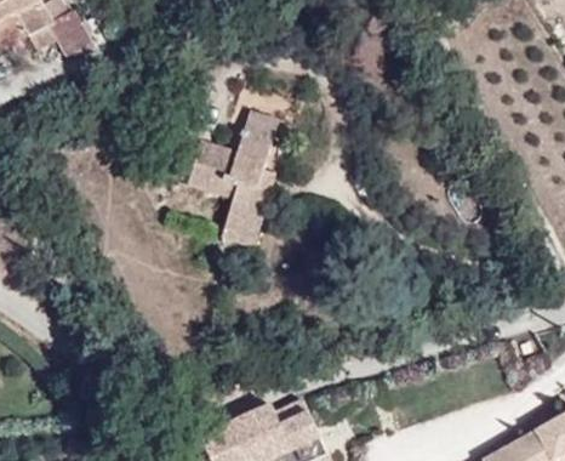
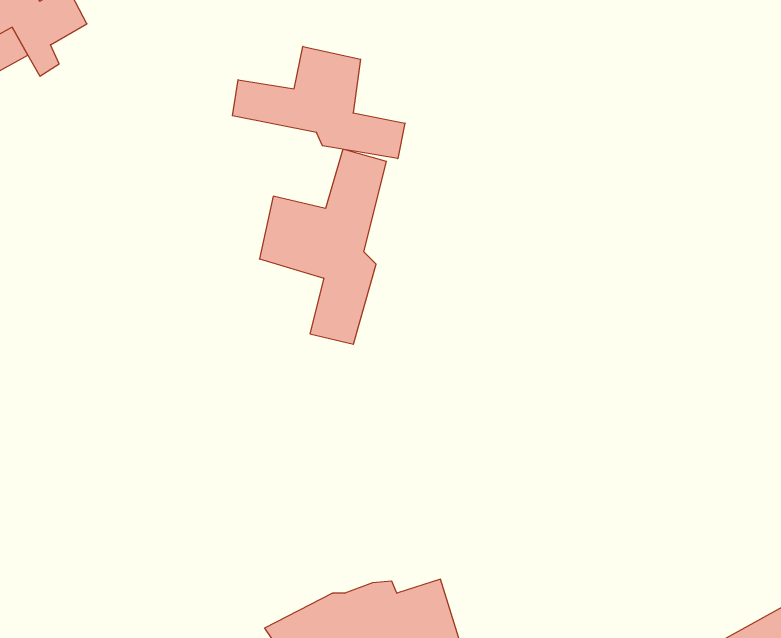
building: [41,17,89,58] -> none
building: none -> [232,46,405,159]

